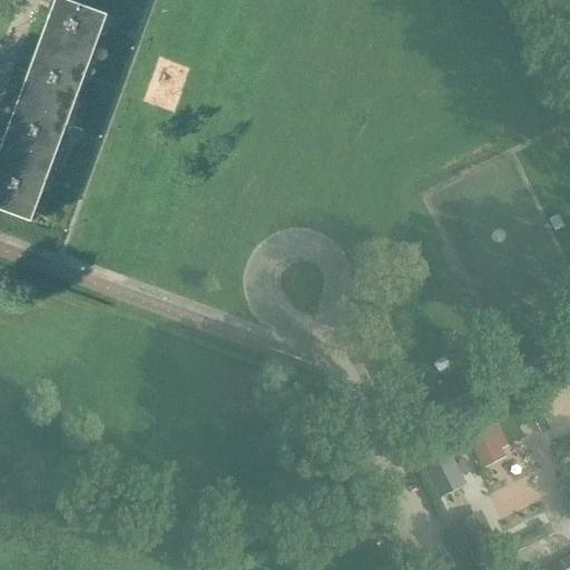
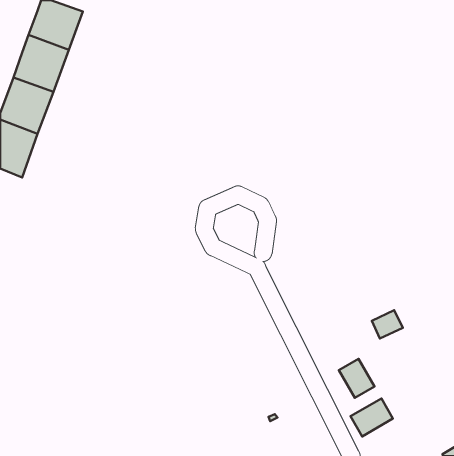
building: [470,424,509,460] -> [372,310,403,339]
building: none -> [351,398,393,437]

